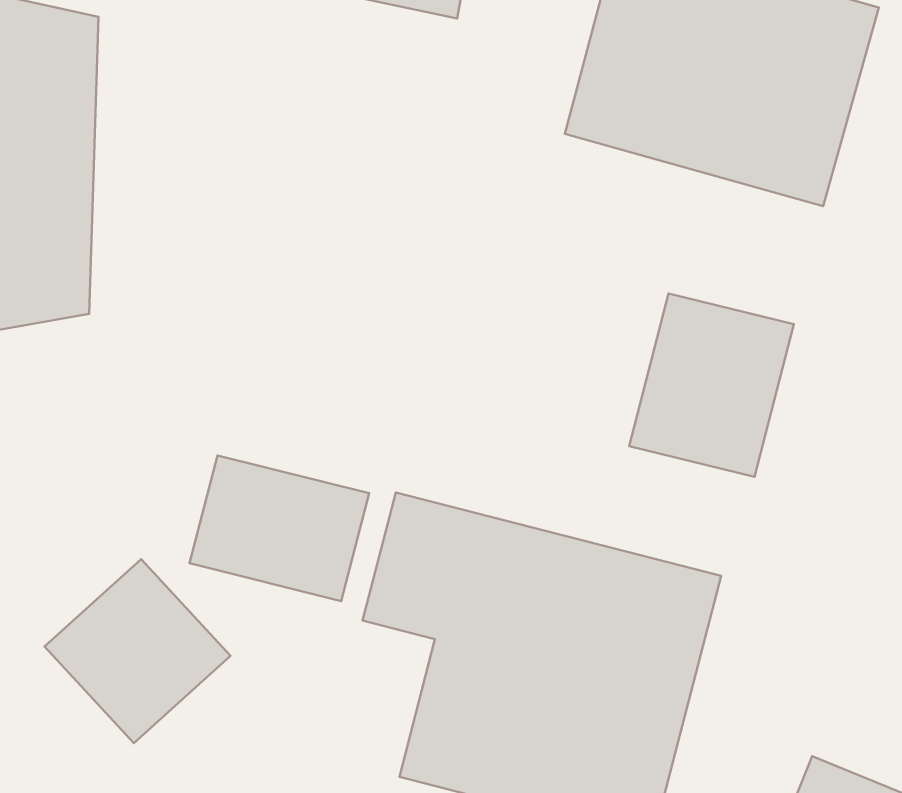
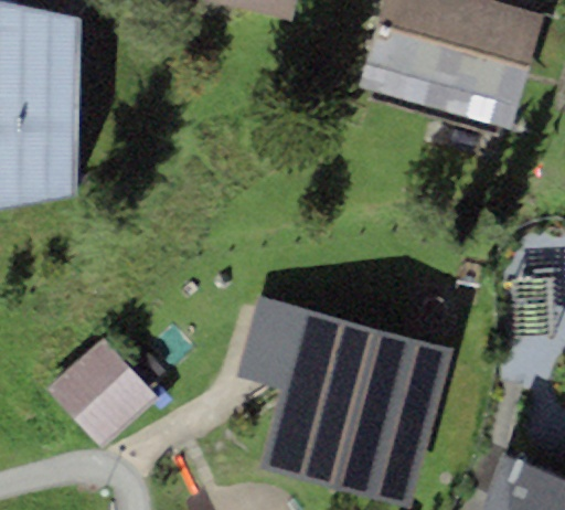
building: [629,294,794,477] -> none
building: [190,455,369,601] -> none

